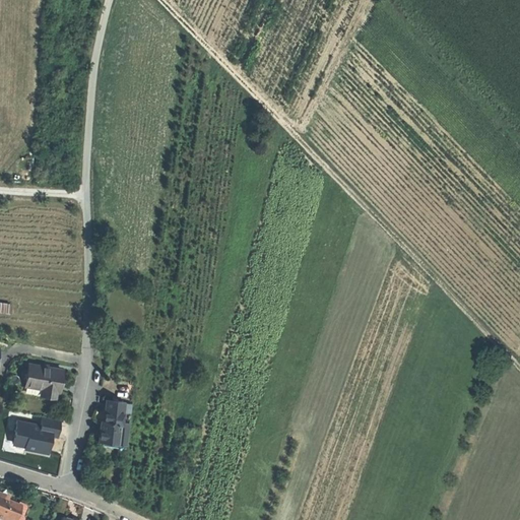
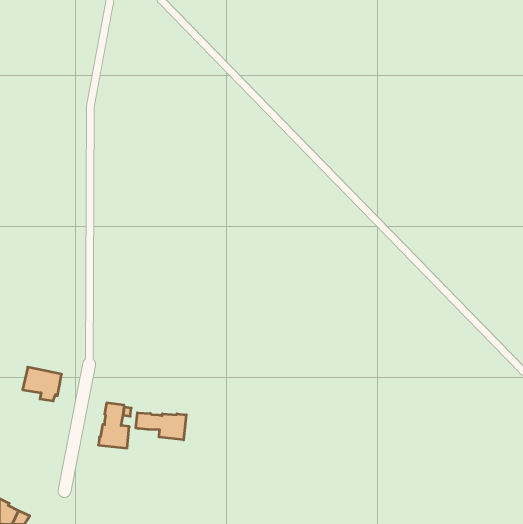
building: none -> [136,413,186,440]
building: [14,416,59,452] -> none

